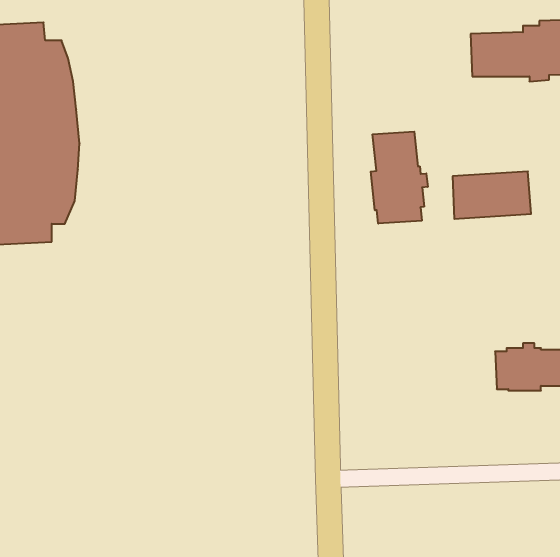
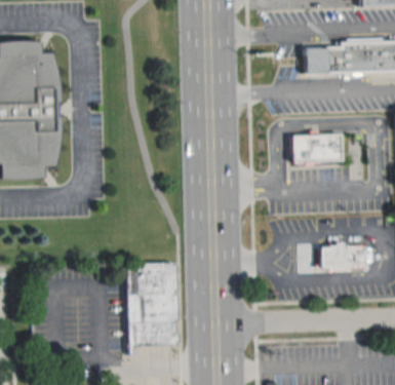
building: [371,132,428,224] -> none
building: none -> [125,262,177,345]

